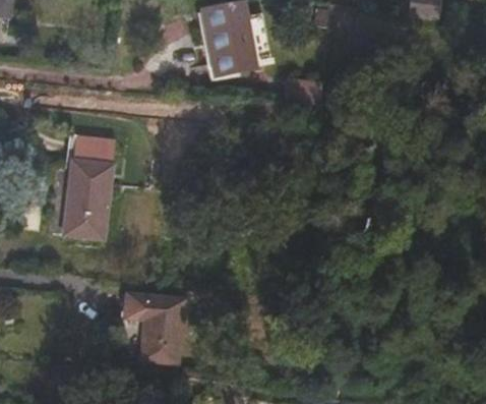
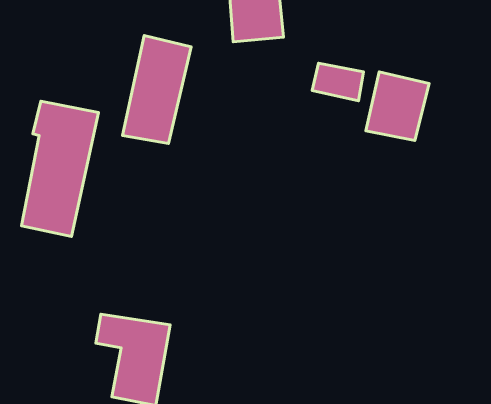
building: none -> [123,36,191,144]
building: none -> [366,72,429,141]

